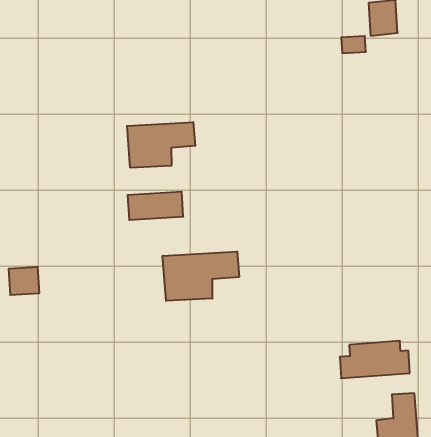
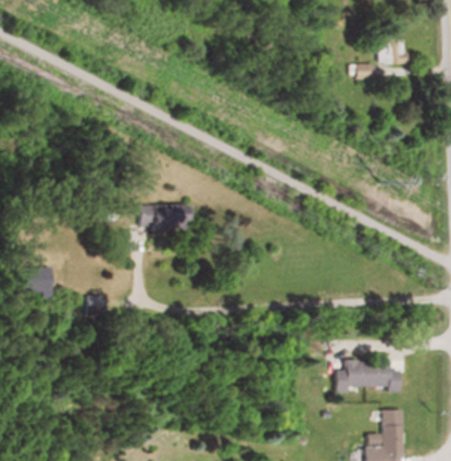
building: [127,122,195,168] -> none
building: [163,251,239,301] -> none

